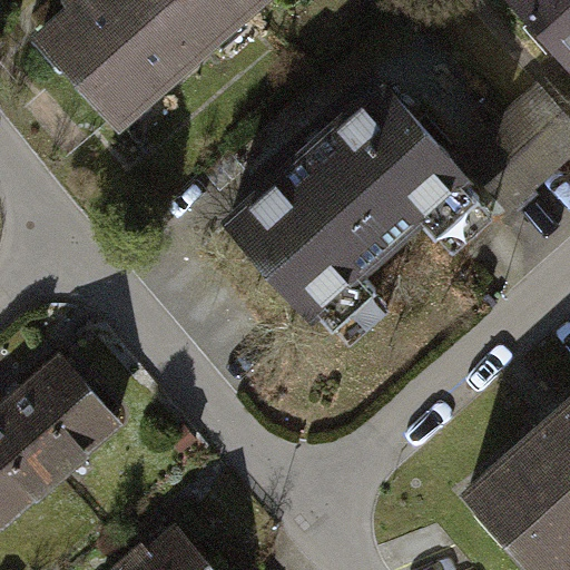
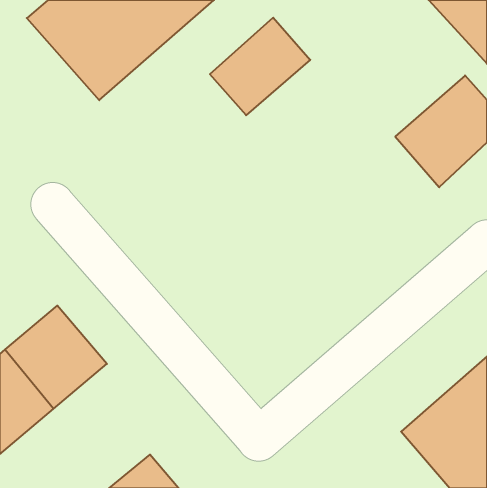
building: none -> [210,18,310,115]
building: [233,97,468,324] -> none

